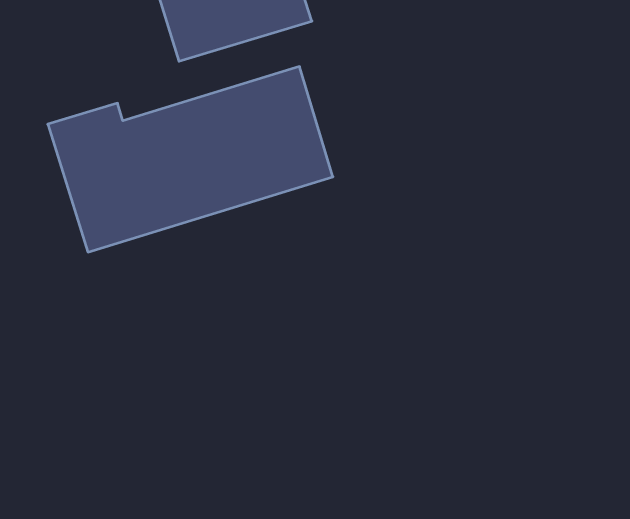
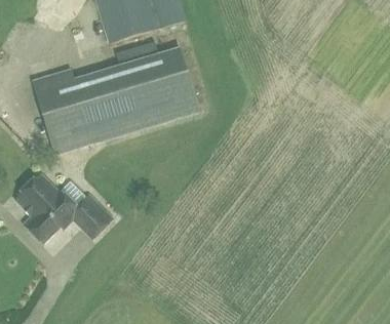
building: none -> [15,172,114,243]

